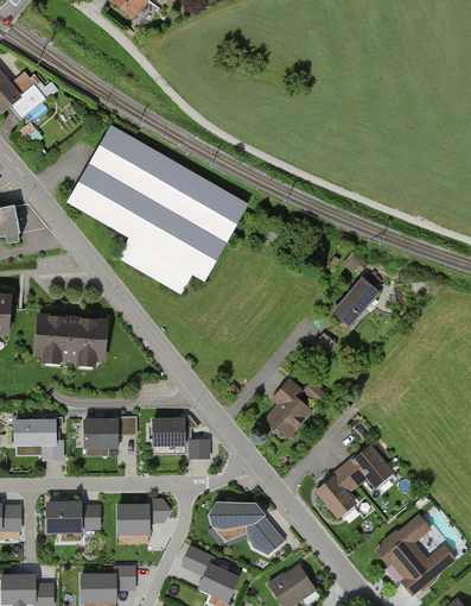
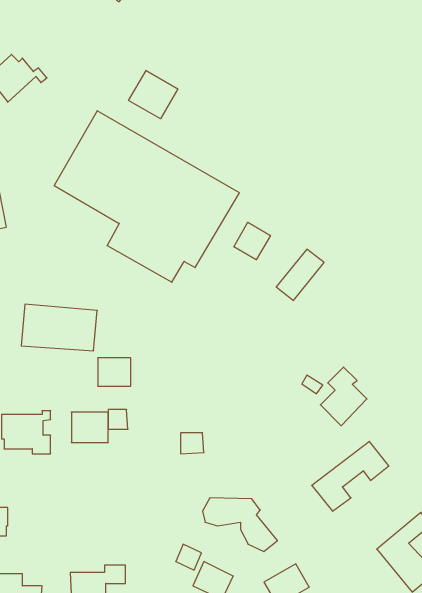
building: none -> [129,70,178,119]
building: none -> [234,222,270,260]
building: [332,282,378,332] -> [276,249,324,300]
building: [266,378,311,435] -> [320,367,367,426]
building: [153,417,185,444] -> [98,358,131,386]
building: [119,500,171,534] -> none
building: [49,504,101,530] -> none

